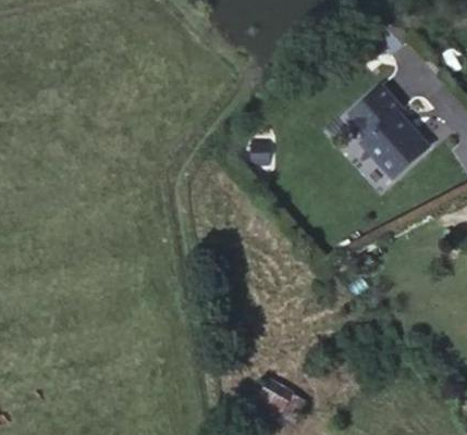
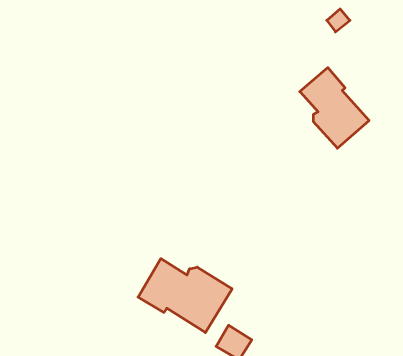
building: none -> [138,259,232,333]

